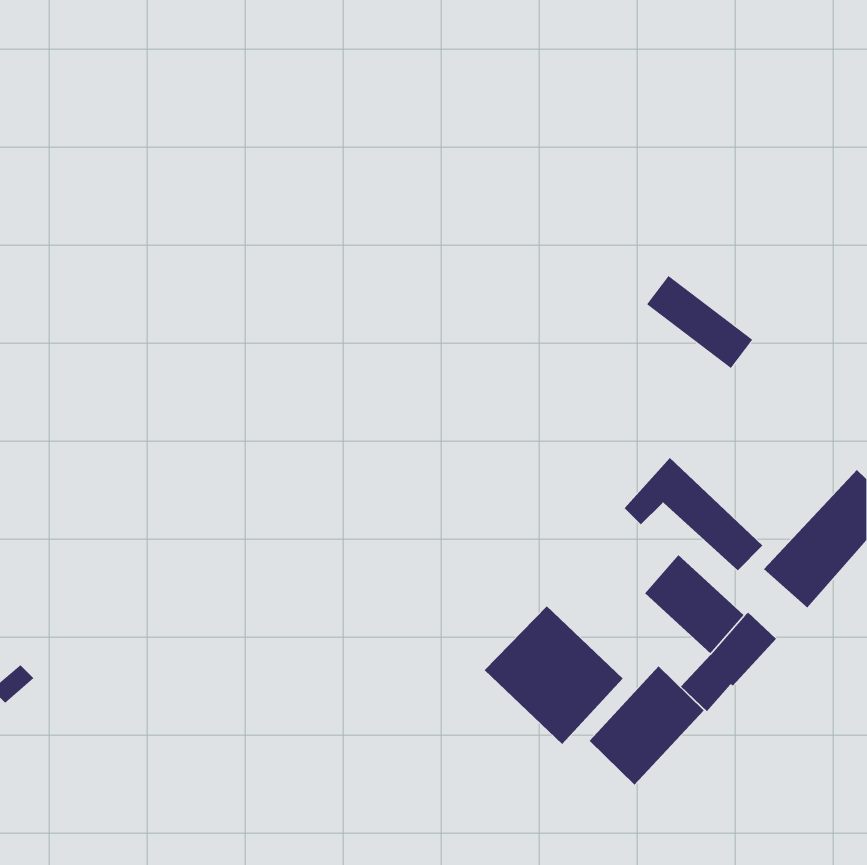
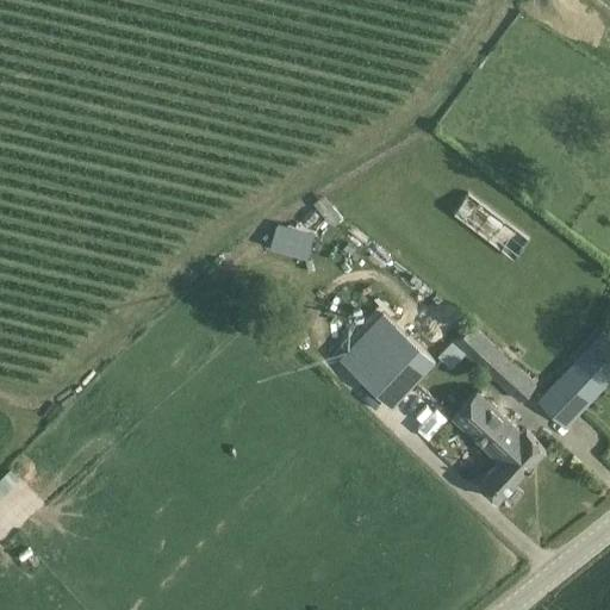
building: none -> [269,229,312,260]
building: [484,606,623,745] -> [337,312,435,410]
building: [589,666,704,786] -> none

